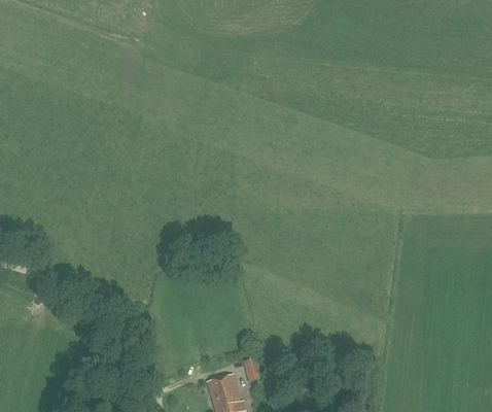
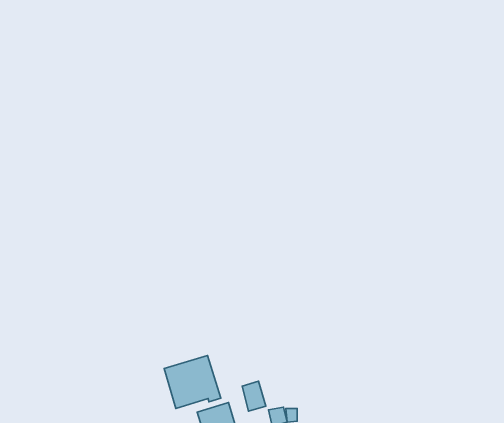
building: none -> [164,355,221,409]

